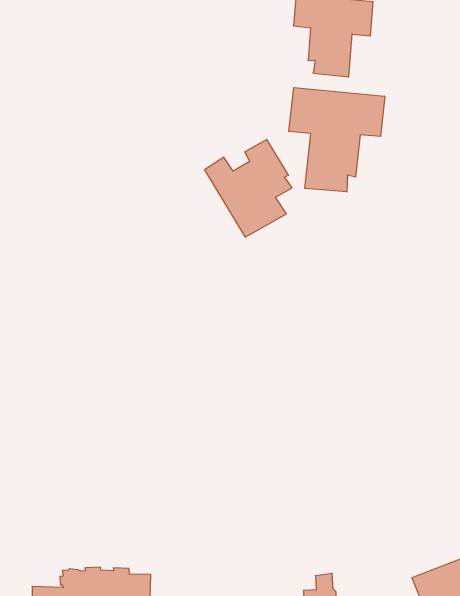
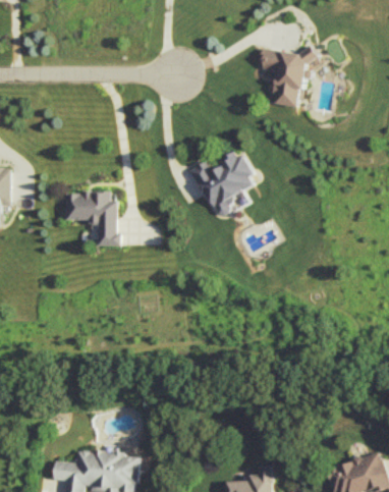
building: [289,88,385,192] -> none
building: none -> [66,192,121,247]

